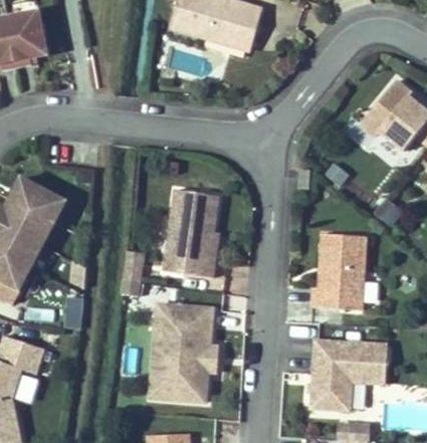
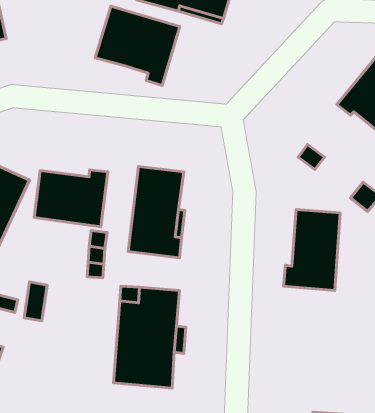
building: none -> [95,6,180,86]
building: none -> [34,170,108,227]
building: [310,339,390,411] -> none

